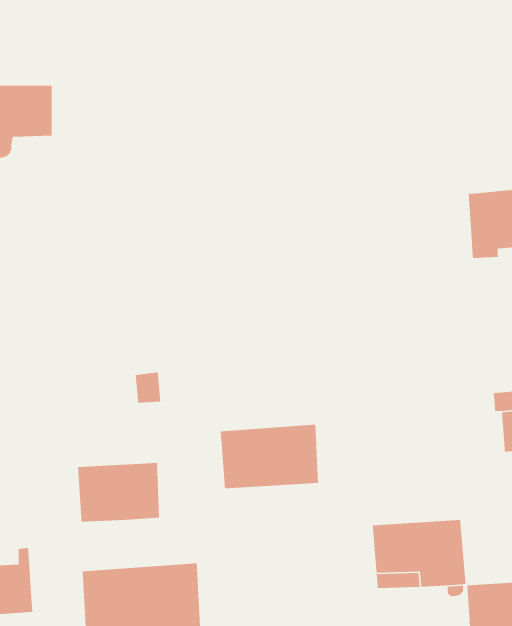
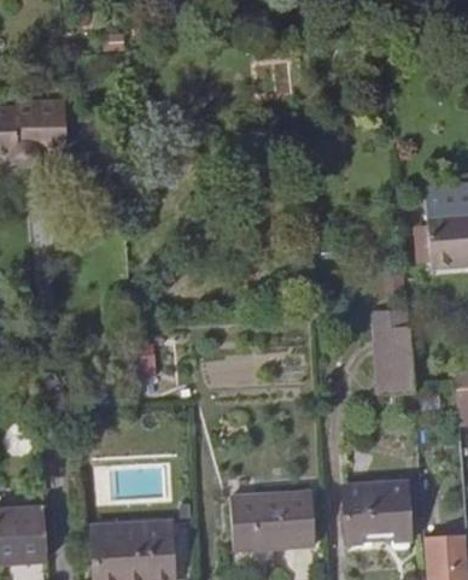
building: none -> [372,322,413,392]
building: [220,424,319,489] -> [228,490,314,546]
building: [77,462,160,523] -> none

